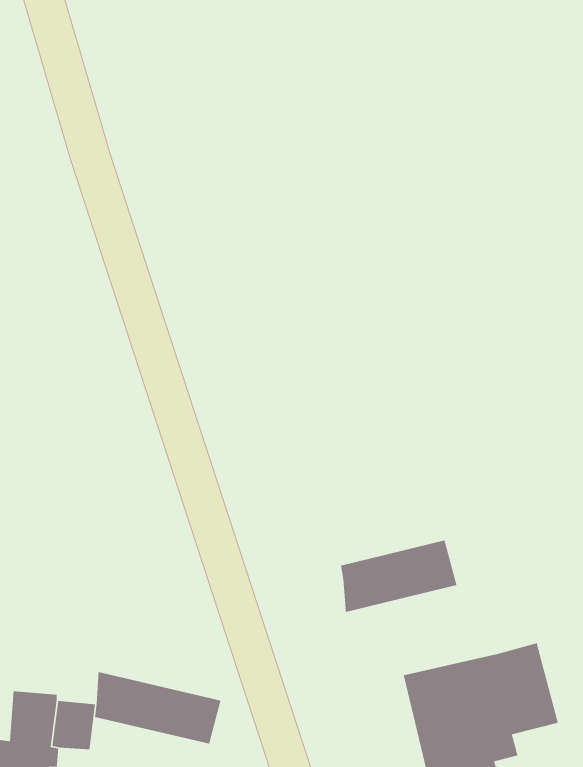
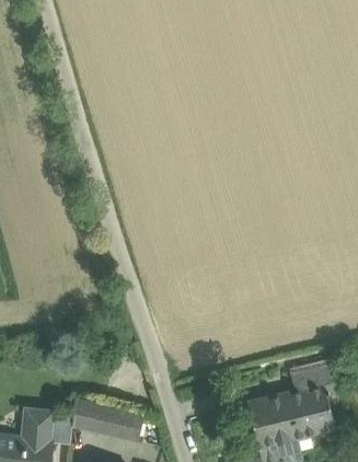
building: [340,540,457,613] -> none
building: none -> [293,359,336,390]

